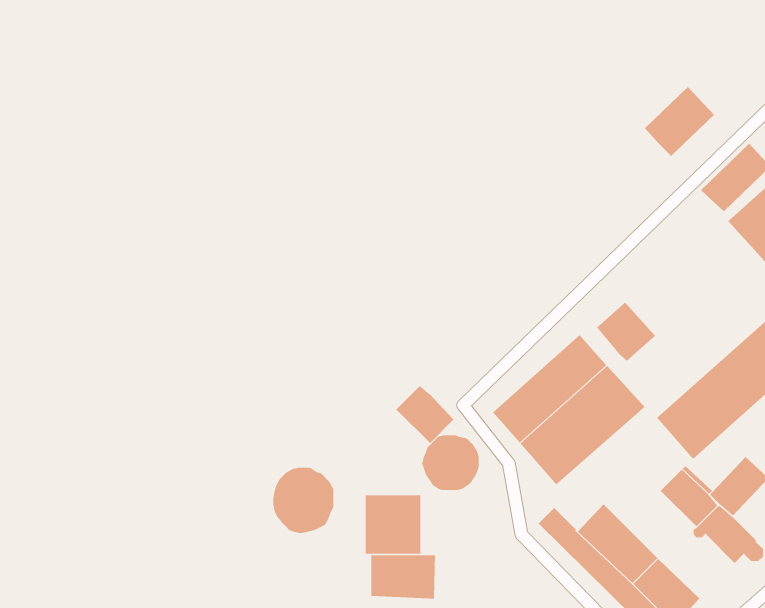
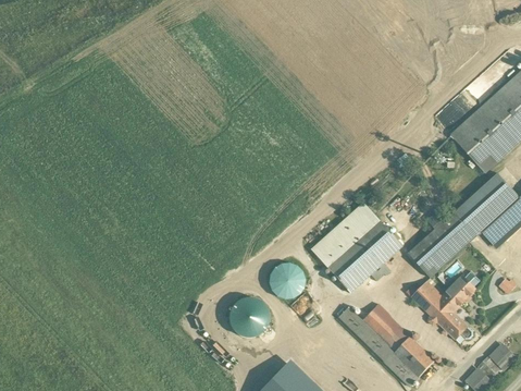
building: [644,86,715,157] -> none
building: [596,302,656,362] -> none
building: [396,385,454,444] -> none
building: [272,467,334,534] -> none
building: [370,555,436,600] -> none

